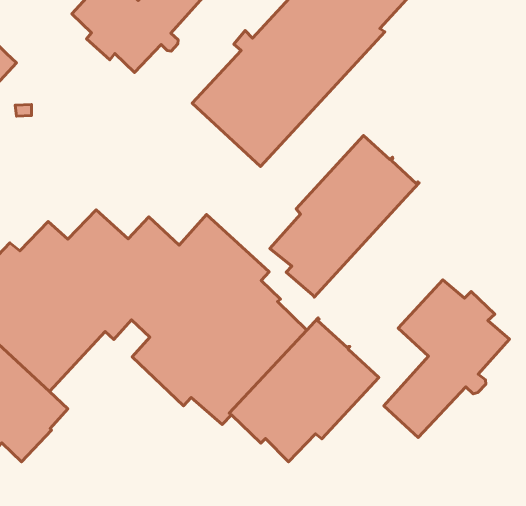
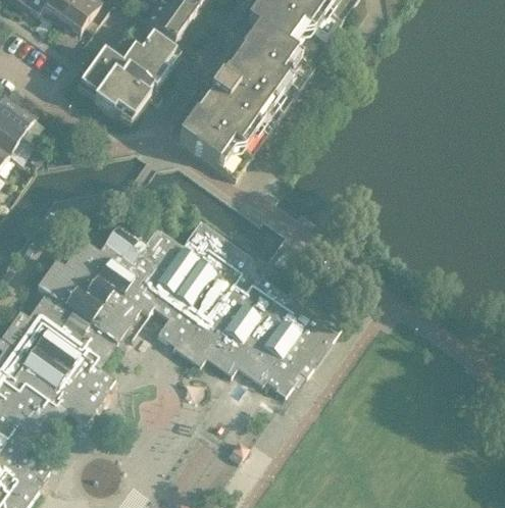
building: [270,135,419,297] -> none
building: [384,280,509,437] -> none

